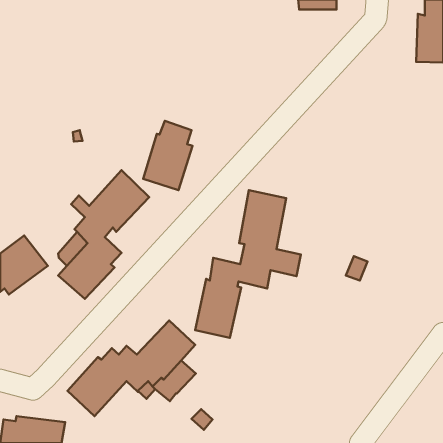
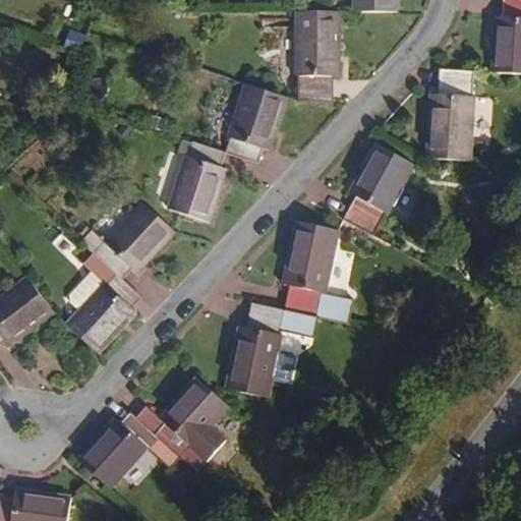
building: none -> [294,10,339,102]
building: none -> [427,69,472,160]
building: none -> [225,82,286,162]
building: none -> [342,144,411,232]

